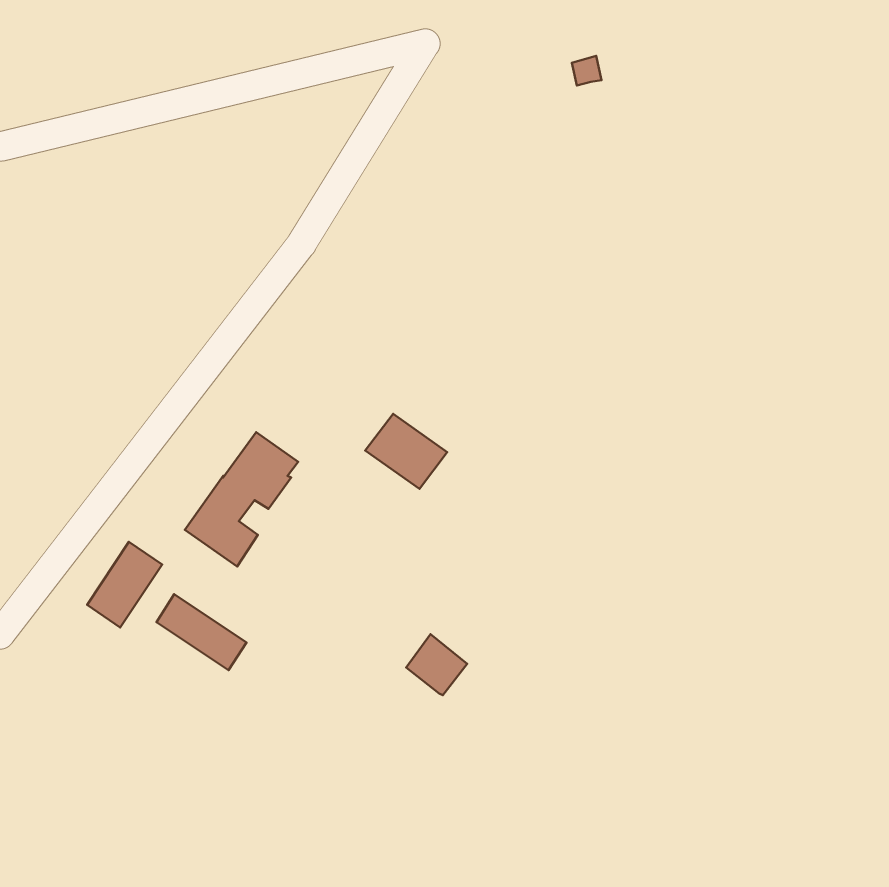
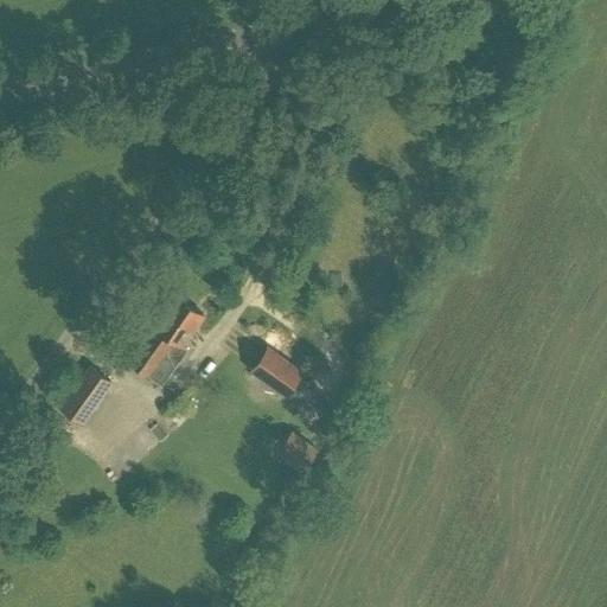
building: [365,414,447,489] -> [249,347,305,398]
building: [156,594,247,670] -> none

